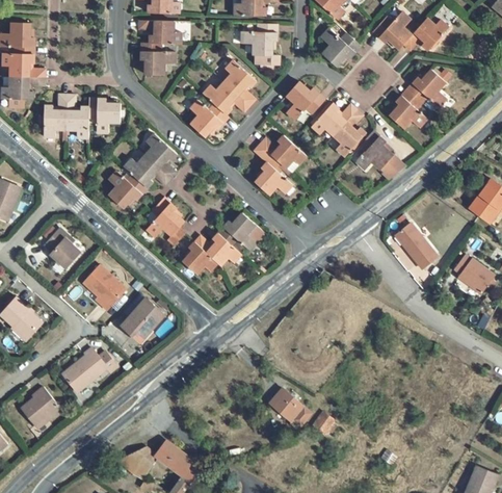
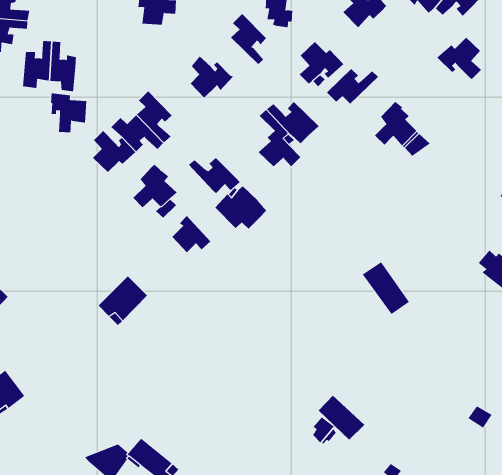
building: [203,82,249,115] -> none
building: [389,89,427,129] -> none
building: [88,98,121,132] -> [50,93,87,133]
building: [333,109,366,156] -> none
building: [394,223,438,269] -> [362,261,410,315]
building: [44,228,80,268] -> none
building: [194,233,241,265] -> [188,157,240,194]
building: [83,265,126,310] -> none
building: [63,347,117,392] -> none
building: [269,388,312,427] -> [318,395,365,440]

